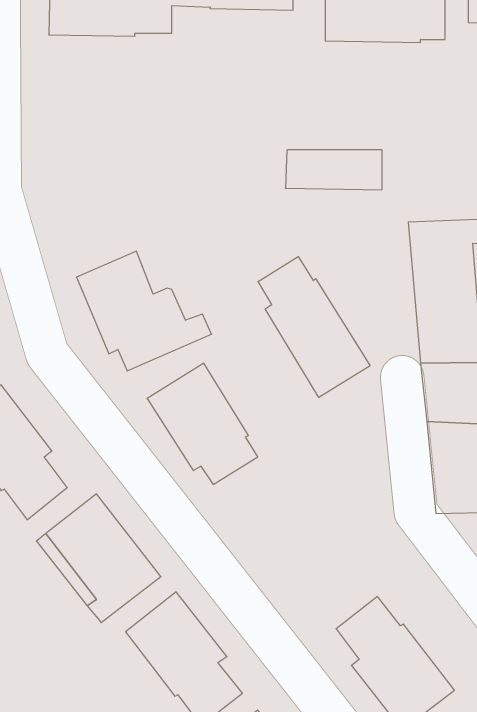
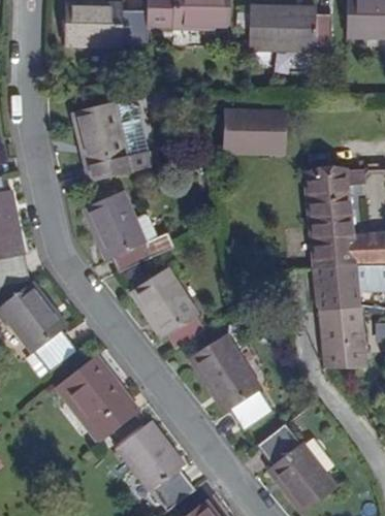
building: none -> [71,100,151,183]
building: [258,257,370,397] -> none
building: none -> [189,333,274,430]

